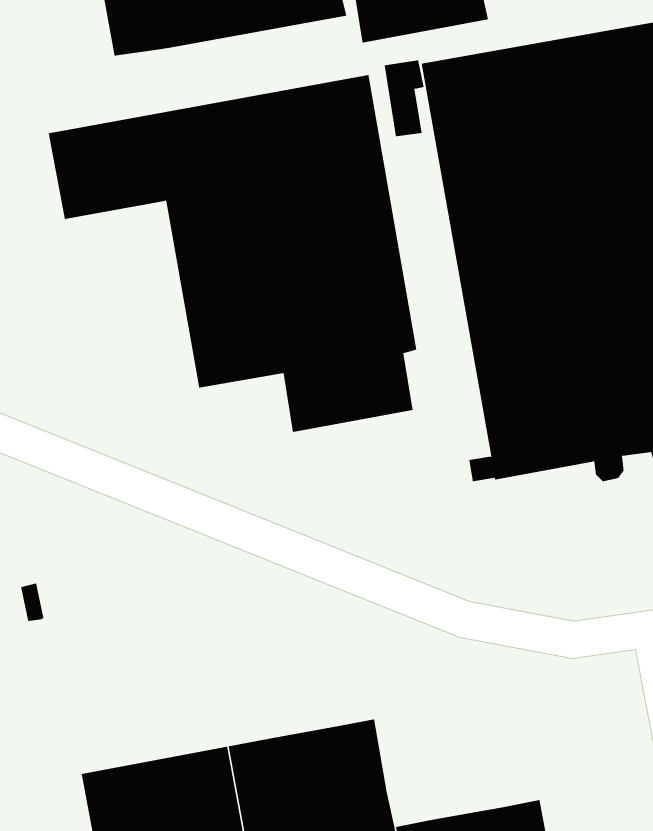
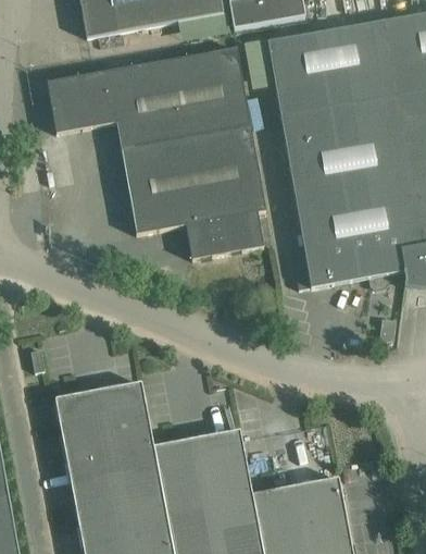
building: none -> [54,381,153,461]

